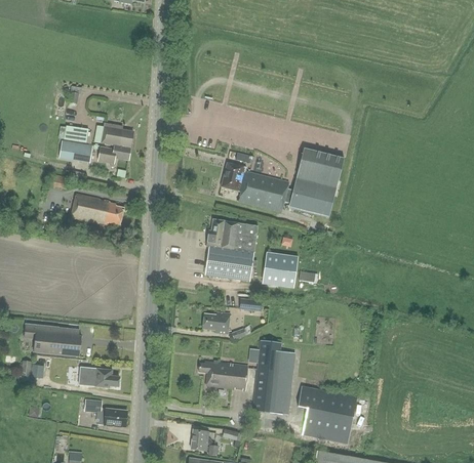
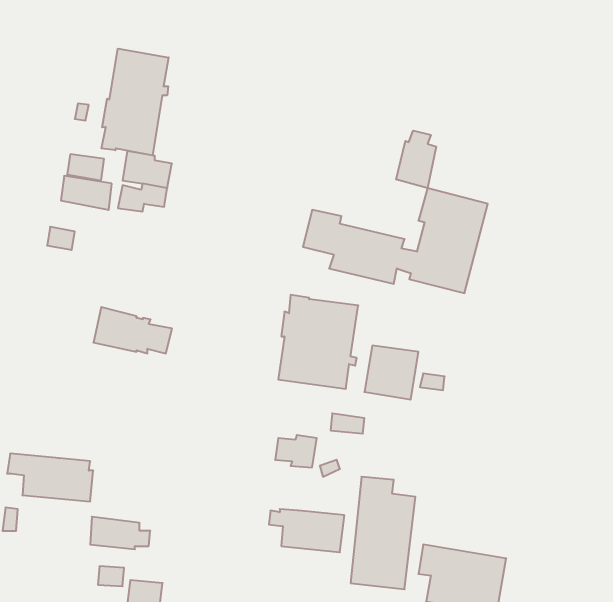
building: none -> [101,49,169,155]
building: none -> [396,131,436,188]
building: [71,193,123,223] -> [93,307,172,353]

